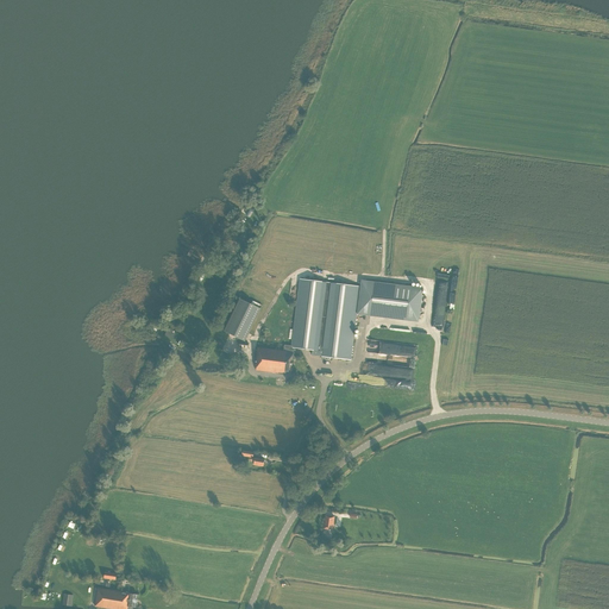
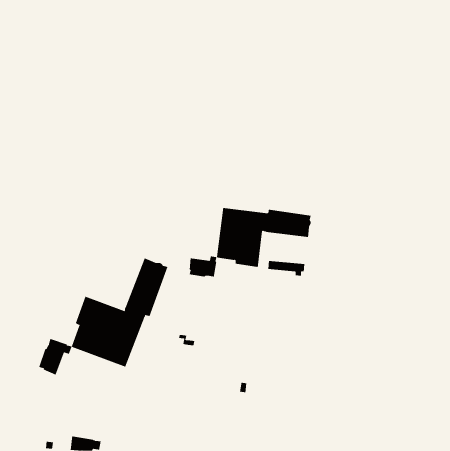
building: [222,299,259,341] -> none
building: none -> [38,257,168,376]

